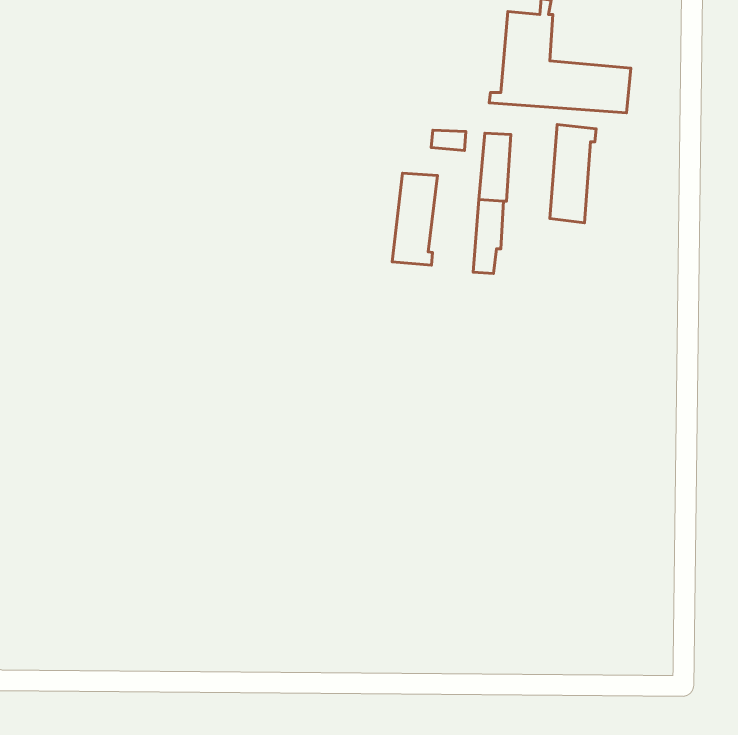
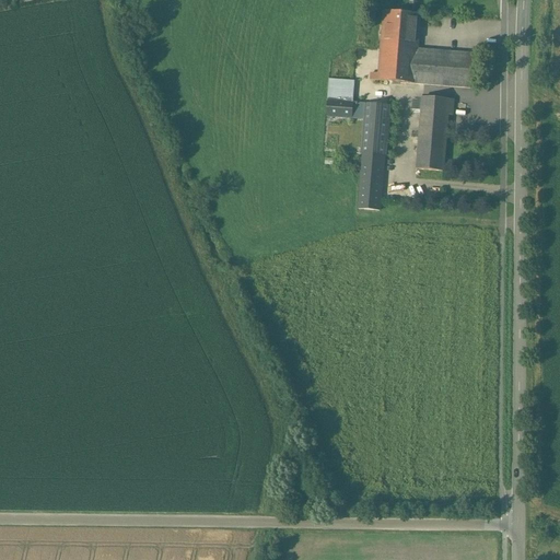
building: none -> [327,77,353,97]
building: [392,173,437,265] -> none

